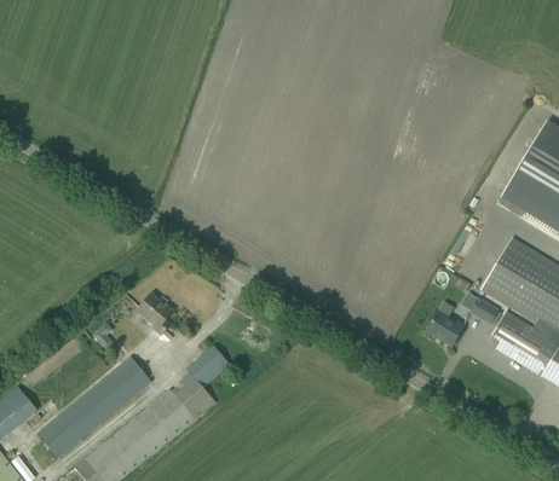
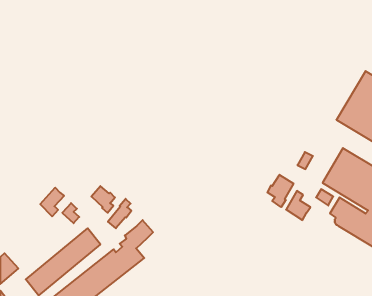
building: none -> [267,175,293,207]
building: none -> [40,188,64,216]
building: none -> [108,199,131,228]

